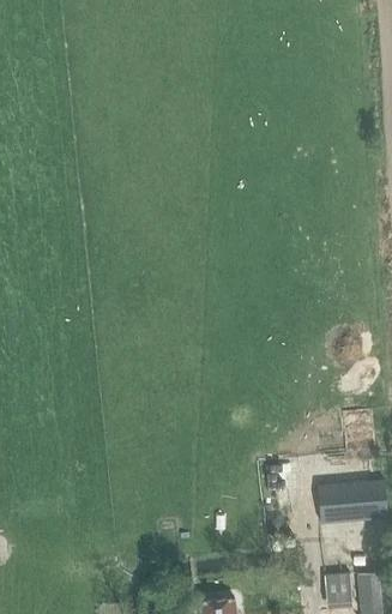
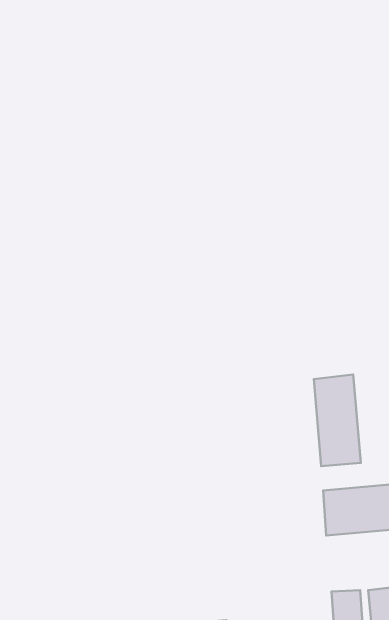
building: none -> [314,374,361,466]

